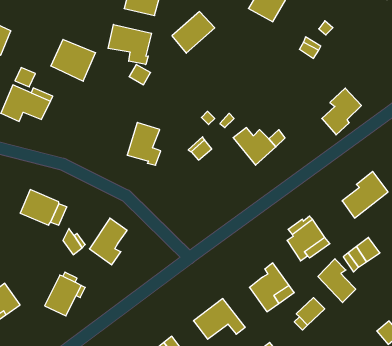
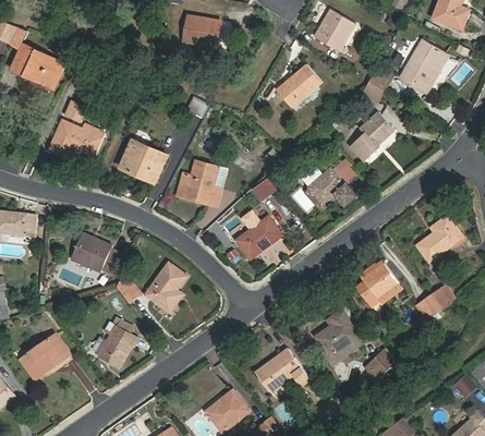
building: [172,12,215,53] -> [275,64,320,109]
building: none -> [402,43,446,90]
building: [108,24,152,65] -> none
building: [51,39,96,81] -> [119,140,167,184]
building: [322,88,361,135] -> [350,113,392,164]
building: none -> [233,216,282,262]
building: [318,259,356,303] -> none

